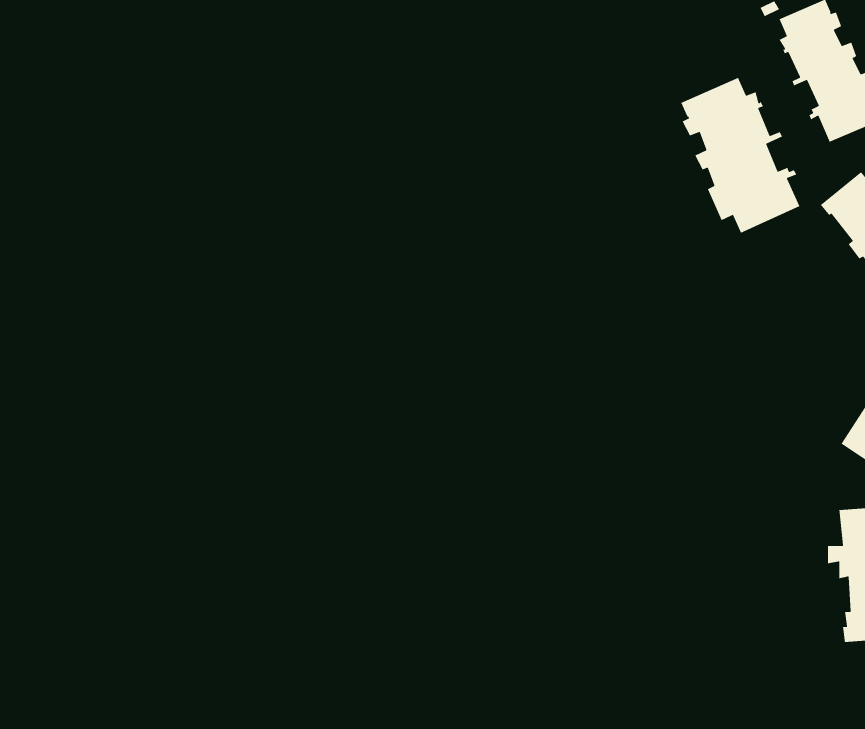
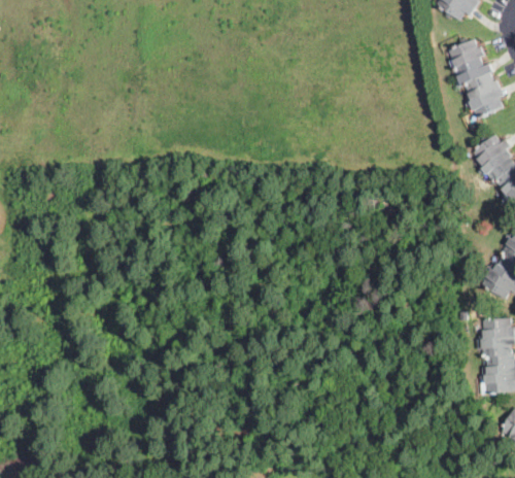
building: [680,77,800,234] -> none

